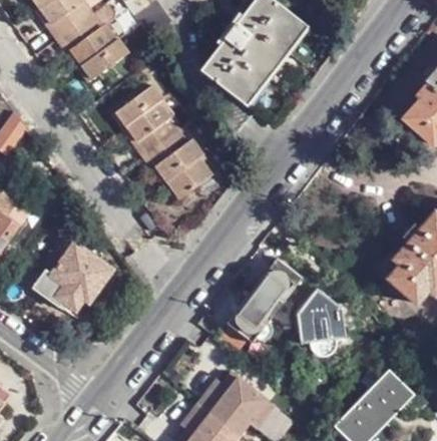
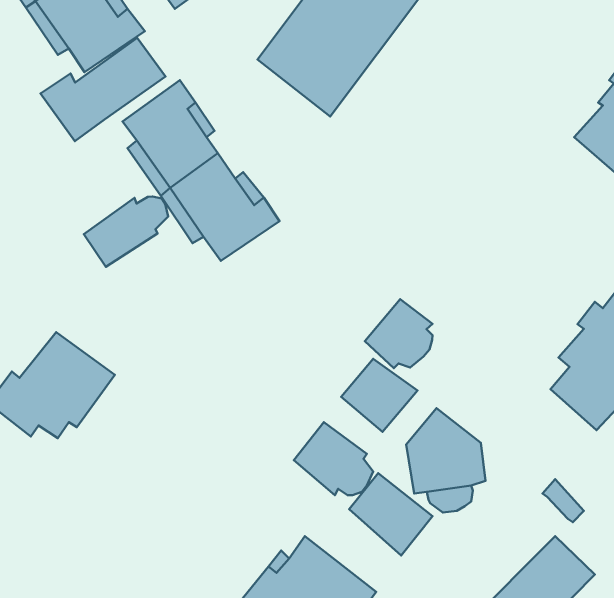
building: none -> [40,38,165,141]
building: none -> [84,196,168,267]
building: none -> [365,299,432,368]
building: none -> [349,473,432,556]

